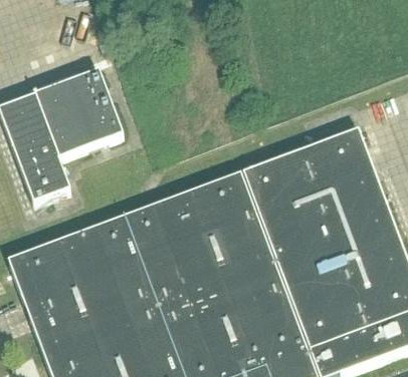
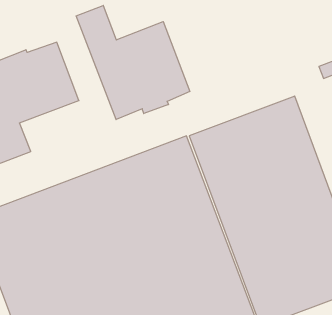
building: none -> [76,5,190,120]

